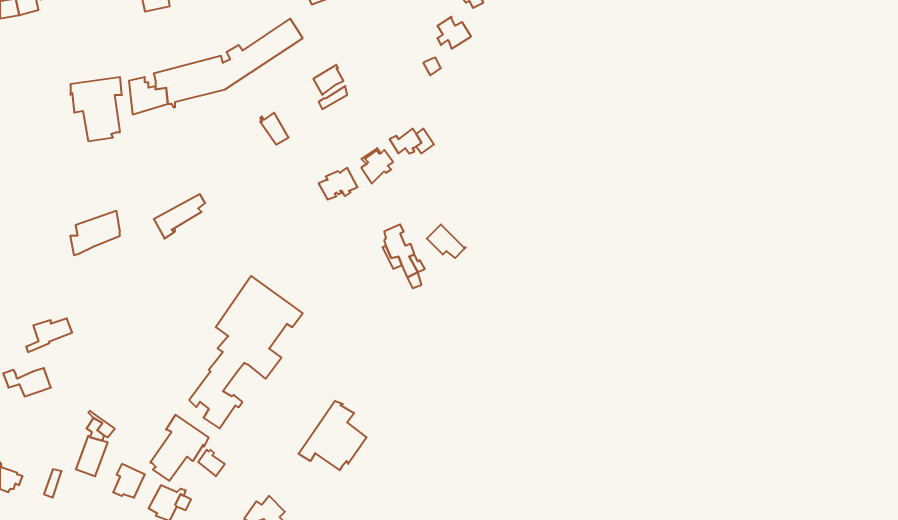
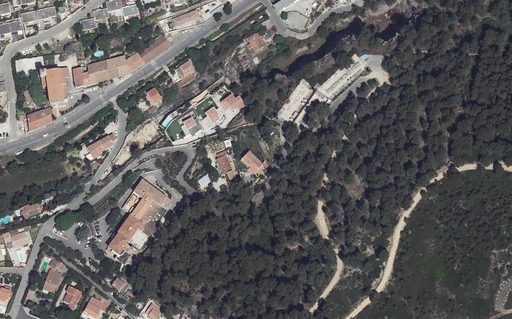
building: [70,211,120,255] -> [24,106,52,131]
building: [298,401,367,470] -> none
building: [150,415,209,481] -> none

